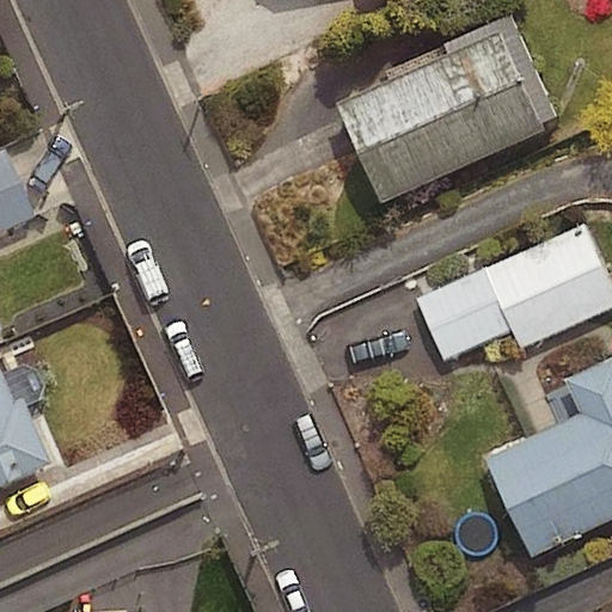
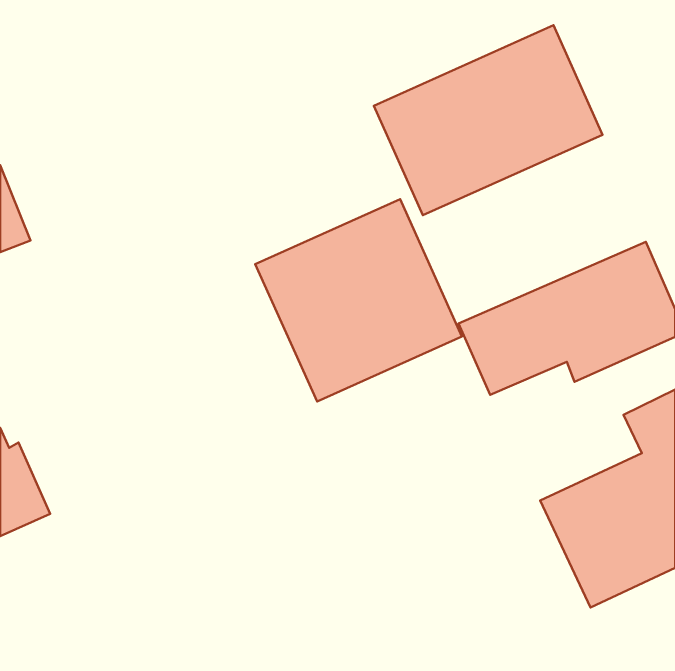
building: none -> [255,199,462,402]

